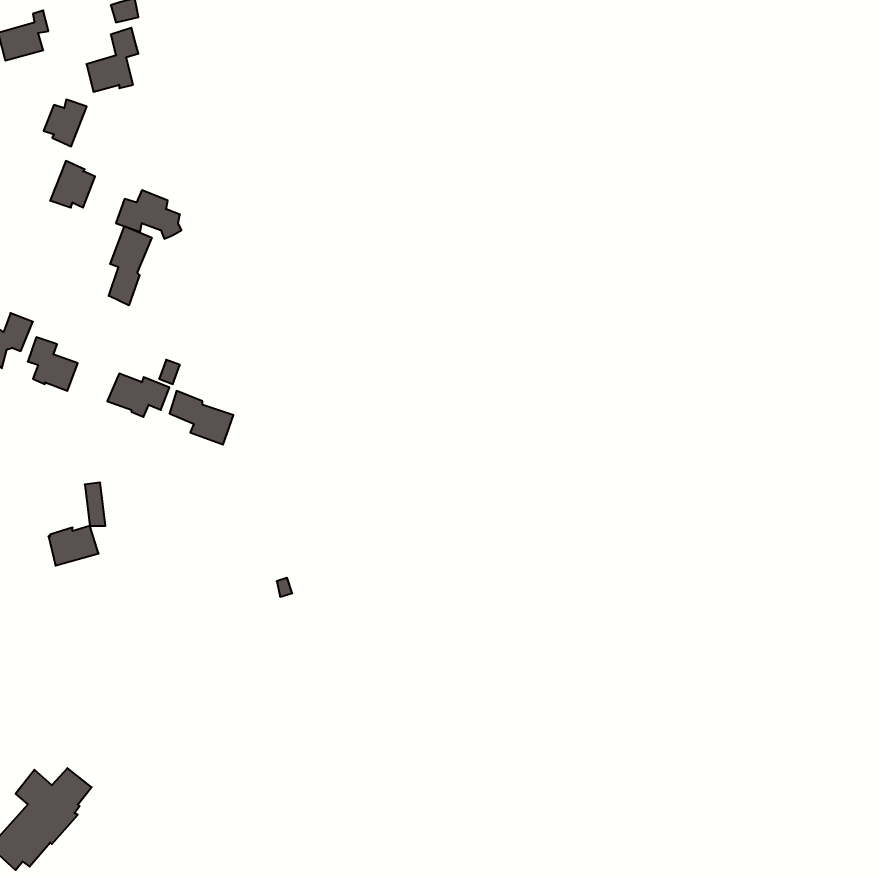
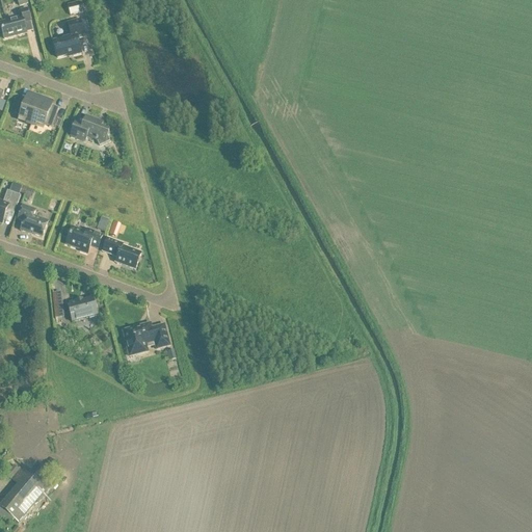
building: [44,100,87,146] -> [14,92,39,121]
building: [109,226,152,305] -> none
building: [48,526,99,566] -> [66,296,97,320]
building: none -> [122,320,168,353]

